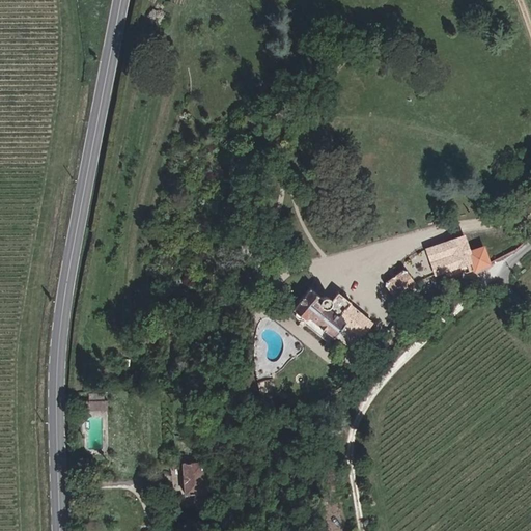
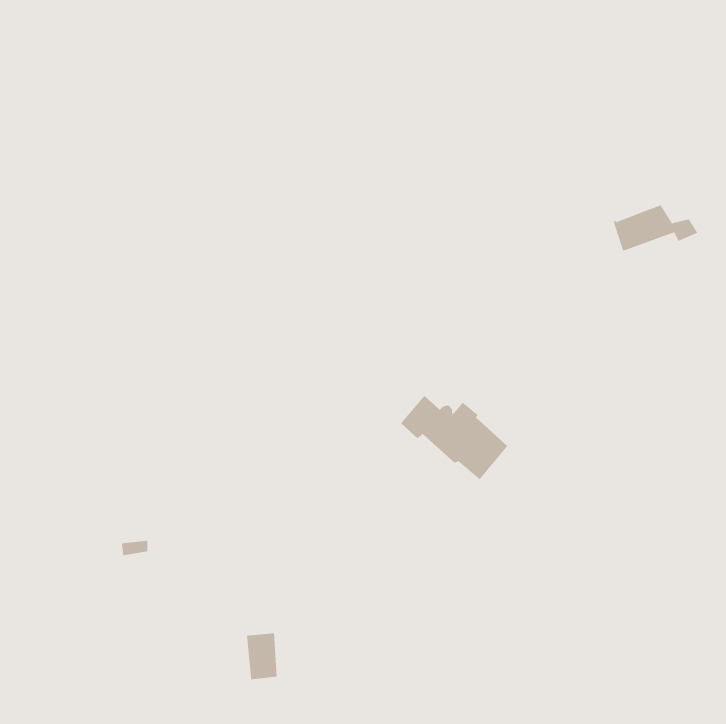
building: [427,239,490,273] -> [613,204,698,251]
building: [386,269,412,298] -> none

